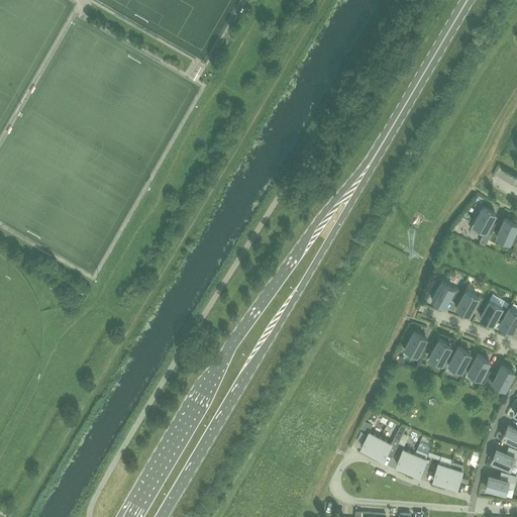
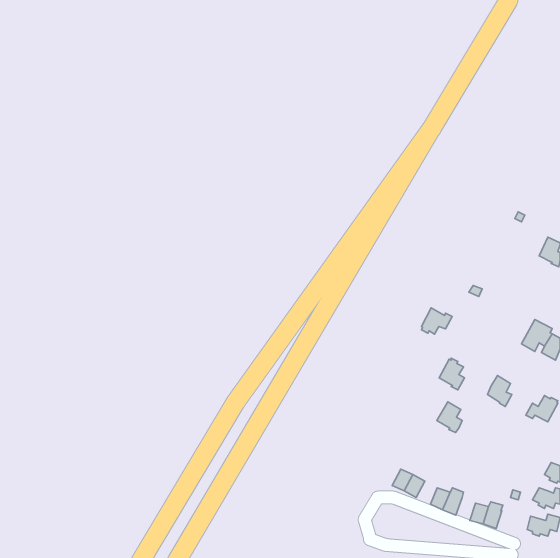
building: [470,209,496,246] -> none
building: [431,284,459,308] -> [421,308,452,334]
building: [455,293,484,317] -> none
building: [428,341,451,370] -> [437,402,462,433]
building: [467,356,490,385] -> none

